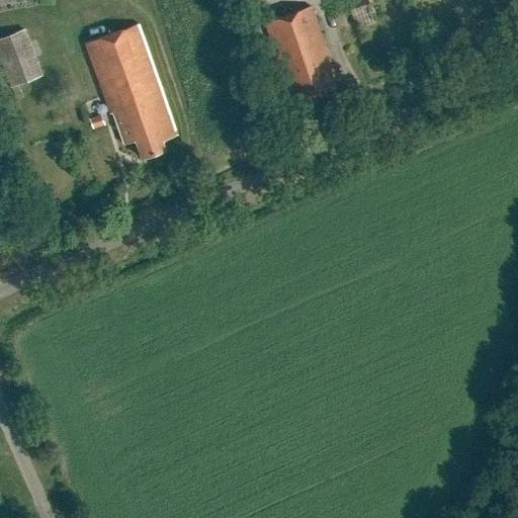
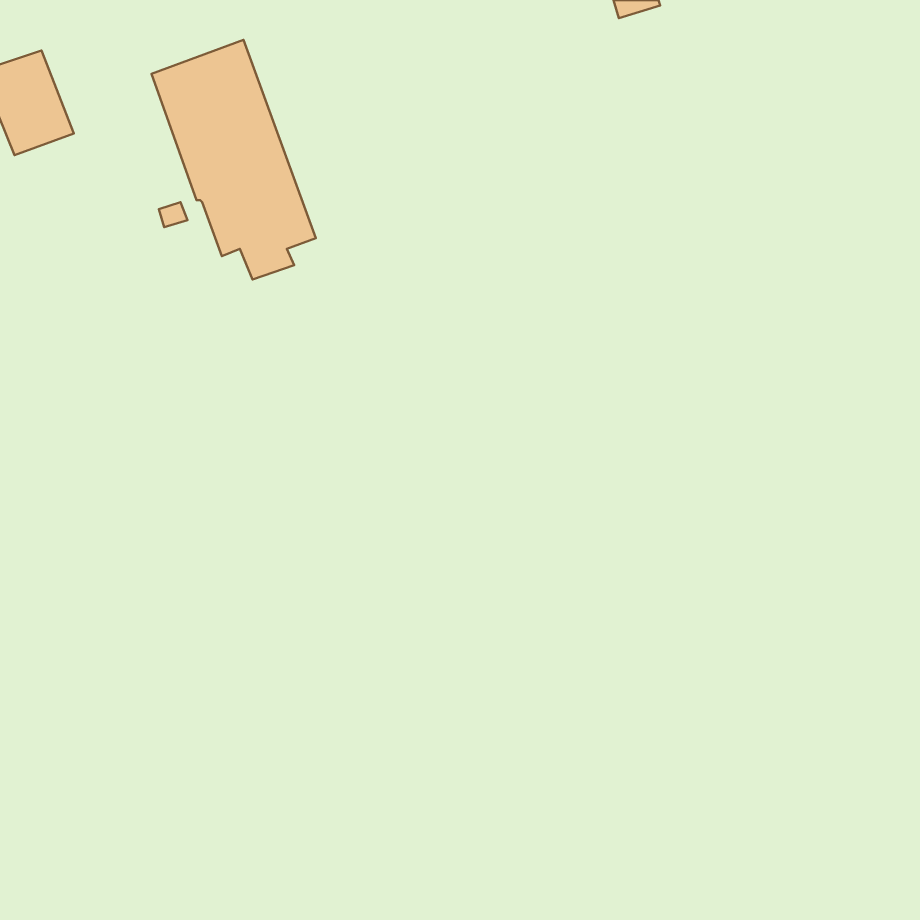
building: [265,8,336,103] -> none

